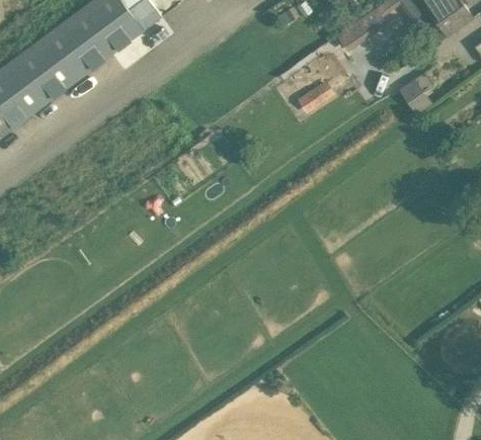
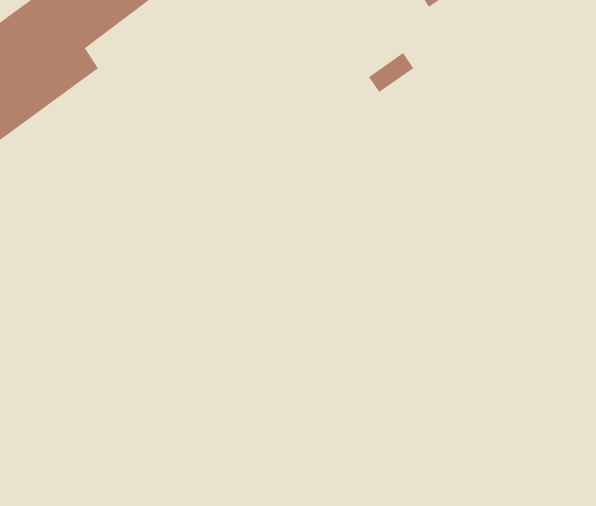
building: [399,76,431,112] -> none

